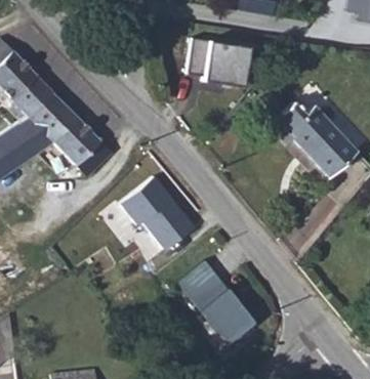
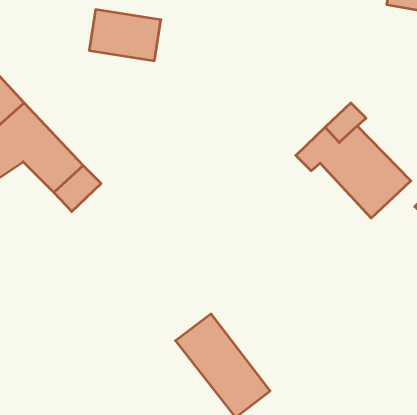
building: [180,42,238,83] -> [89,10,161,61]
building: [118,175,192,250] -> none

